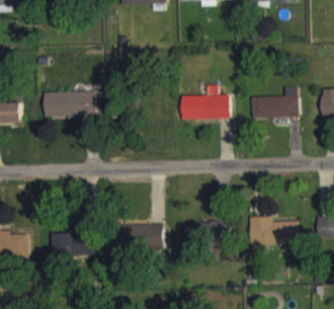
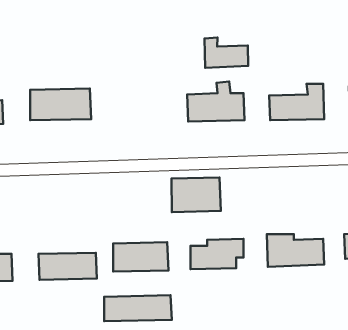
building: none -> [204,38,248,68]
building: none -> [172,177,221,212]
building: none -> [104,295,172,321]

